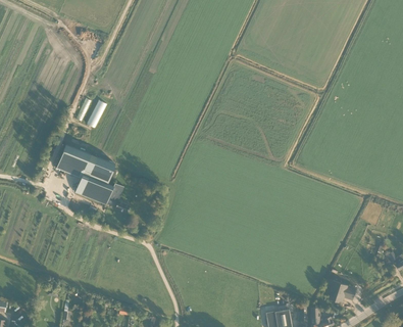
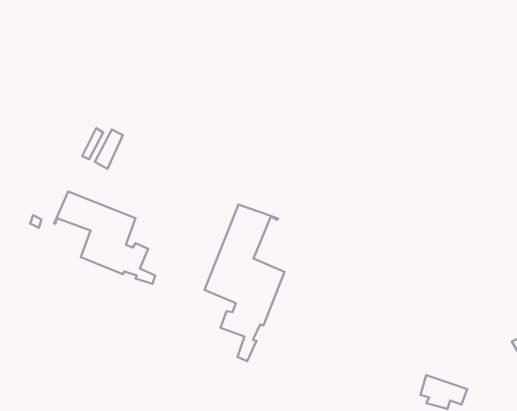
building: none -> [205,204,285,361]

